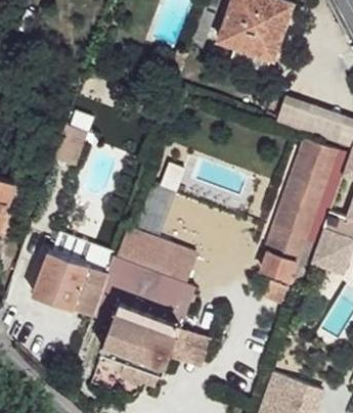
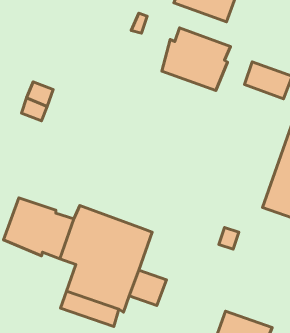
building: none -> [162,28,231,91]
building: [260,140,336,280] -> none
building: [116,227,193,282] -> none

